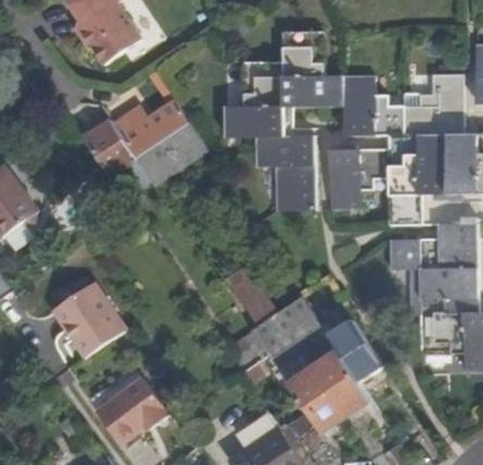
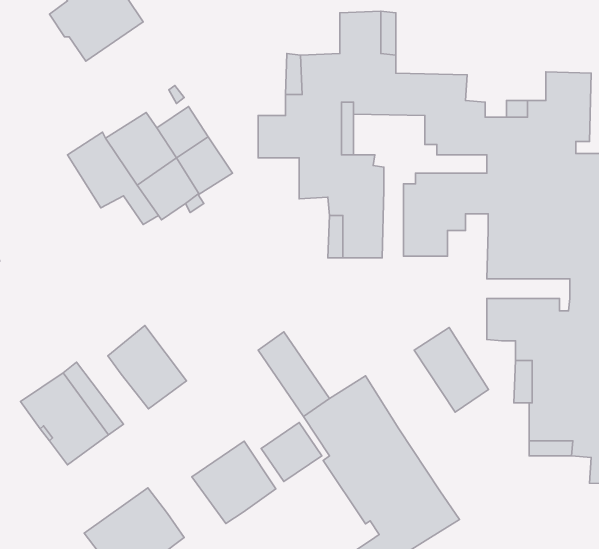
building: none -> [108,326,186,409]
building: [325,316,378,377] -> [414,327,488,412]
building: none -> [192,441,276,524]

